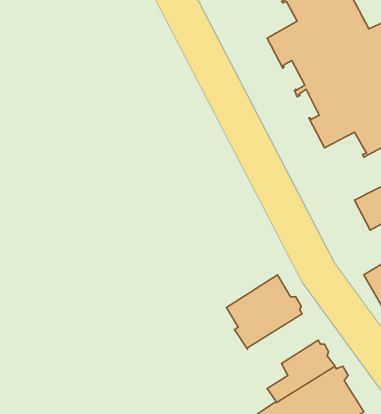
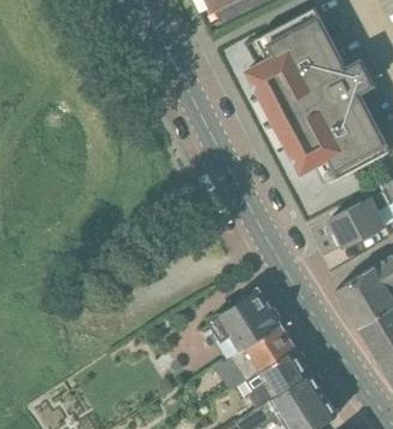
building: none -> [229,324,294,380]

